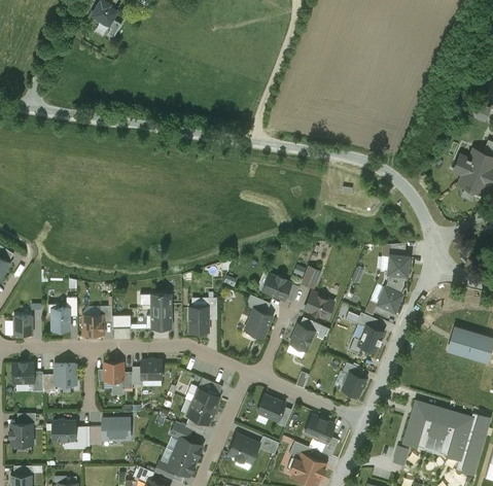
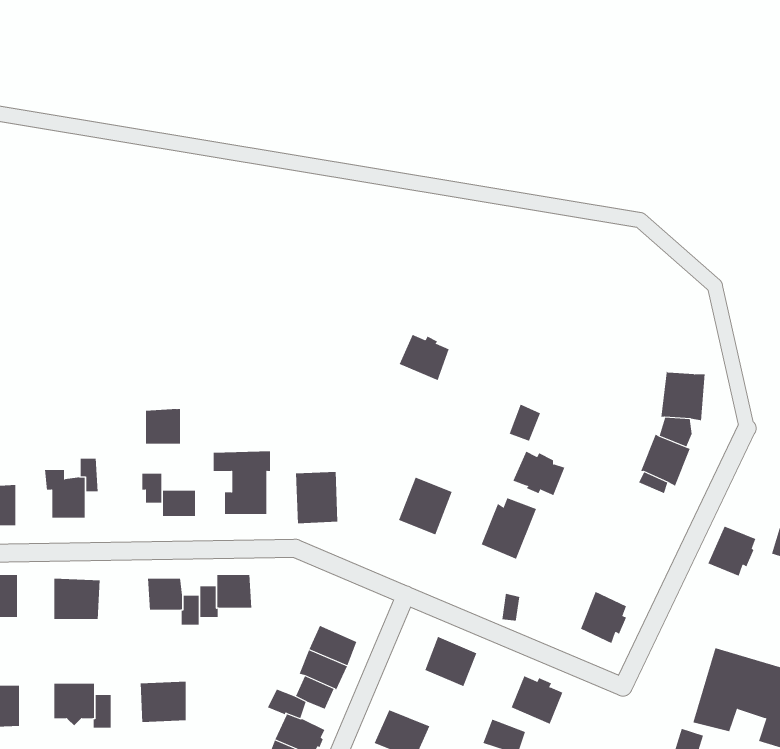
building: [262,275,290,301] -> [399,334,450,381]
building: [83,315,103,335] -> [145,409,181,444]
building: [357,325,384,353] -> [707,526,756,576]

